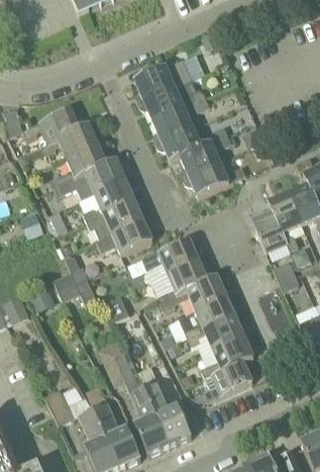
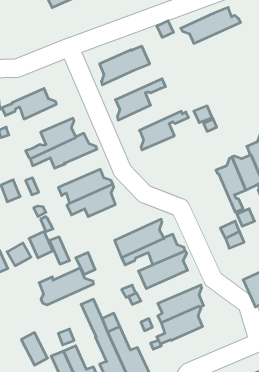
building: [137,79,206,120] -> [181,7,241,43]
building: [41,123,104,158] -> none
building: [155,125,228,161] -> none
building: [183,162,245,196] -> none
building: [81,177,135,222] -> none
building: [252,205,290,255] -> none
building: [142,240,205,282] -> [39,268,94,305]
building: [188,316,250,355] -> none

